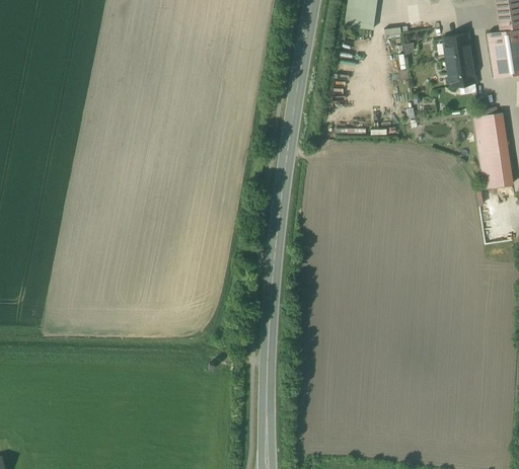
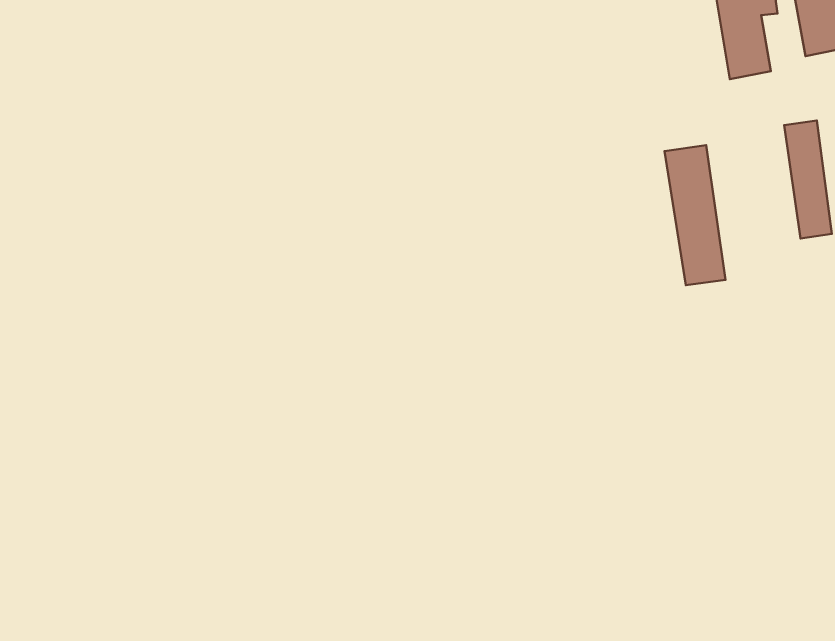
building: none -> [664,145,726,285]

